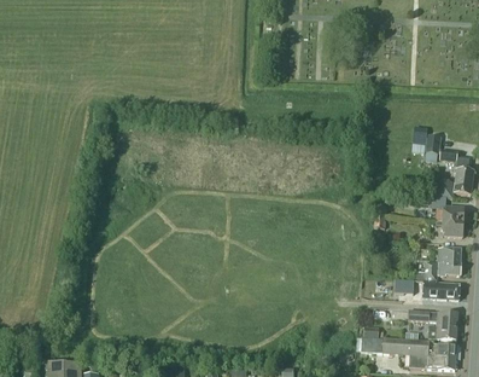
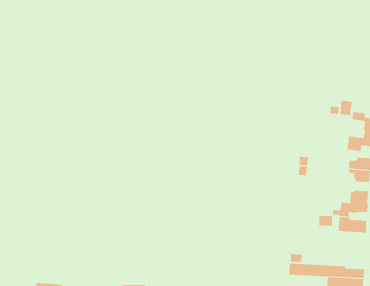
building: [408,309,457,340] -> none

